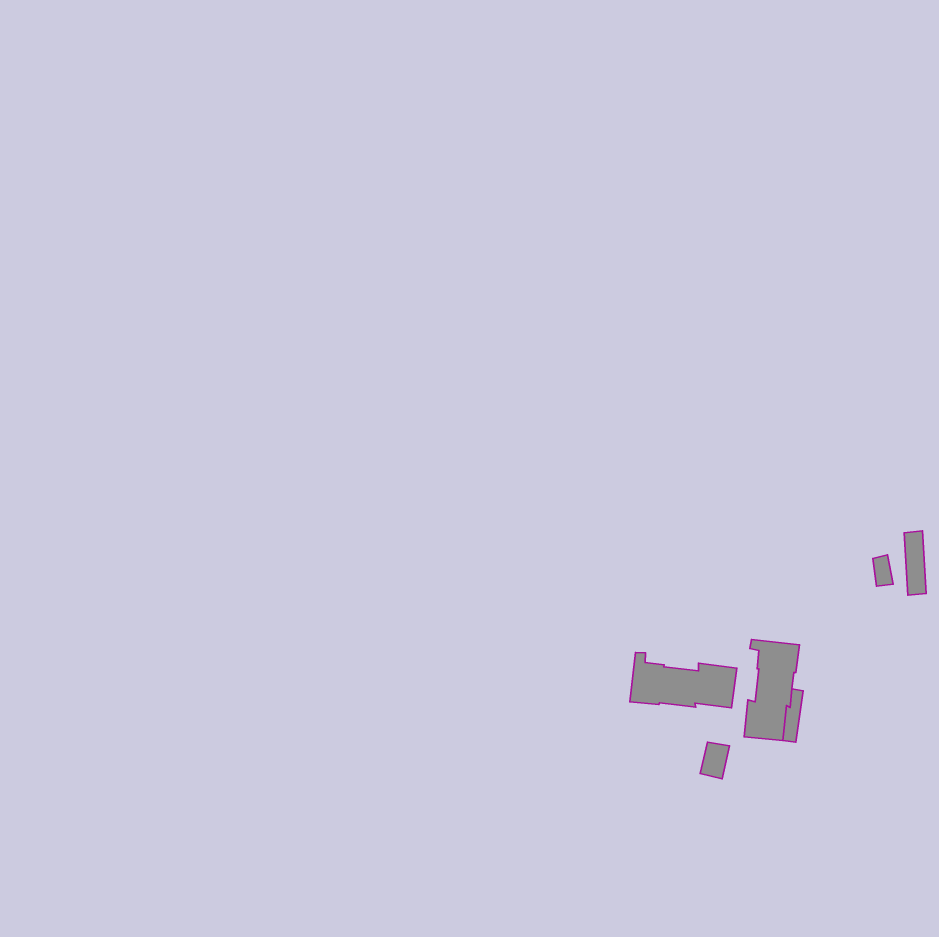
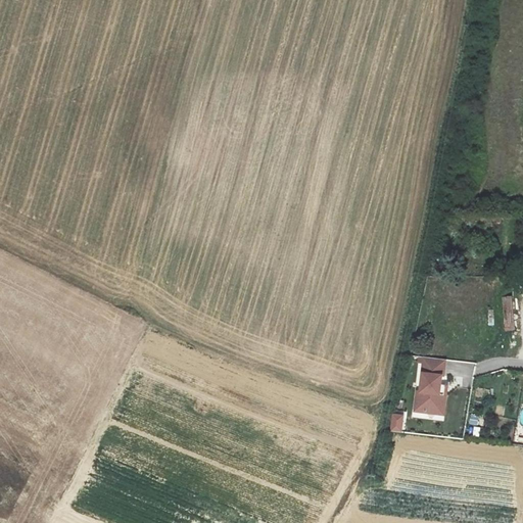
building: [630,652,737,708] -> none

